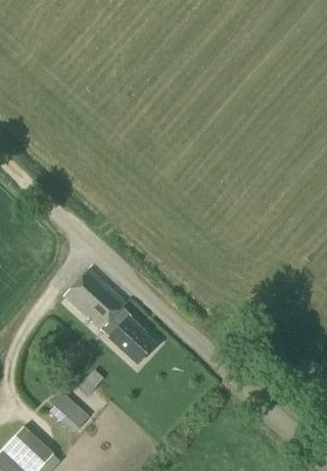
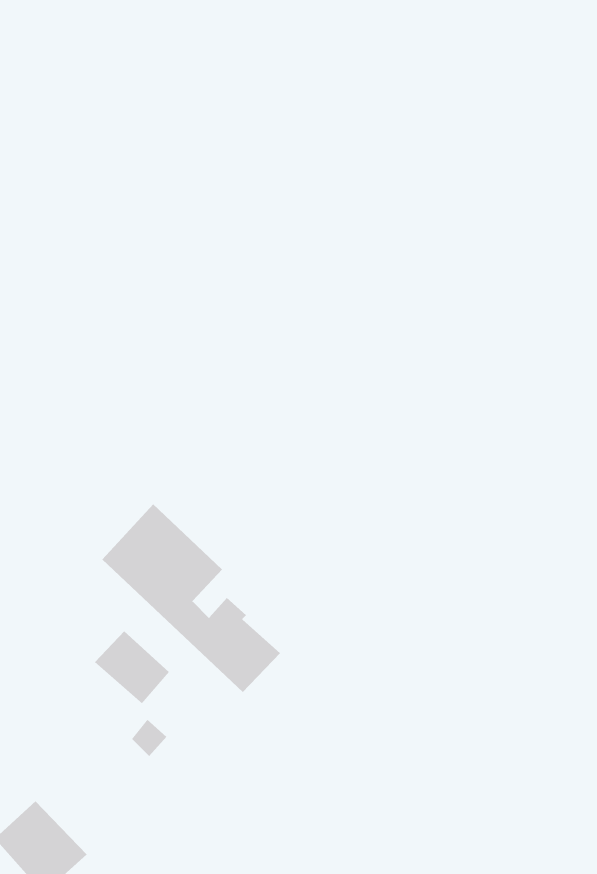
building: [50,396,89,434] -> [94,630,170,704]

